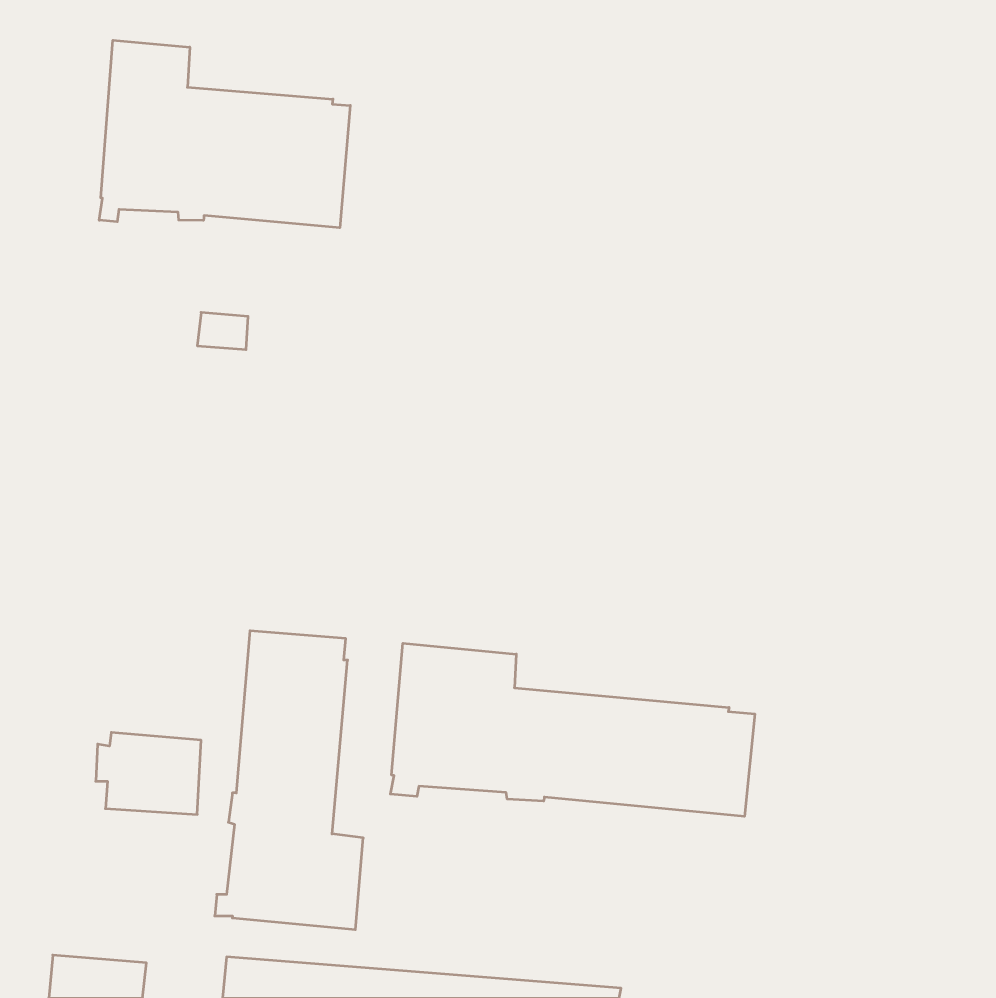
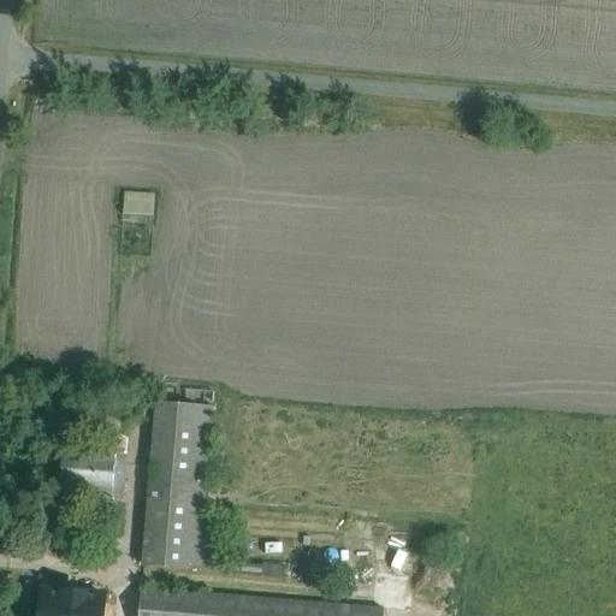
building: [99,40,350,228] -> none
building: [390,643,755,816] -> none

